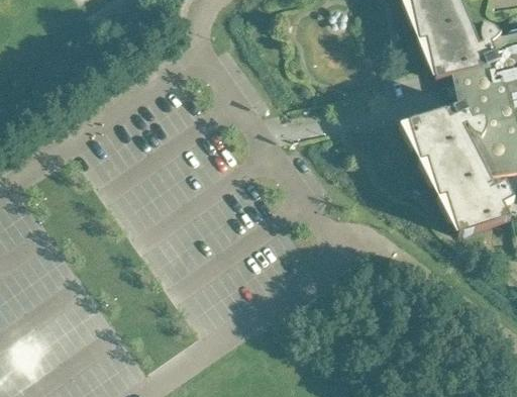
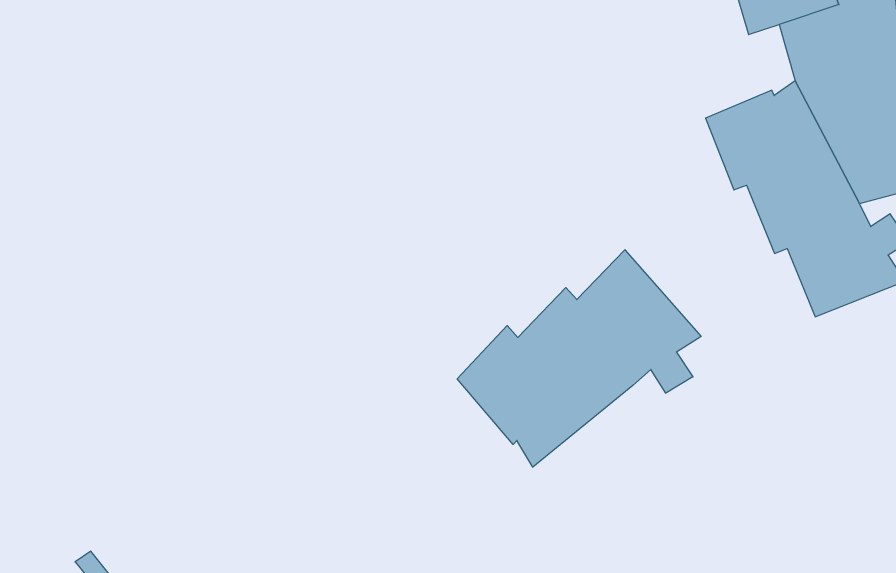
building: none -> [457,250,701,467]

